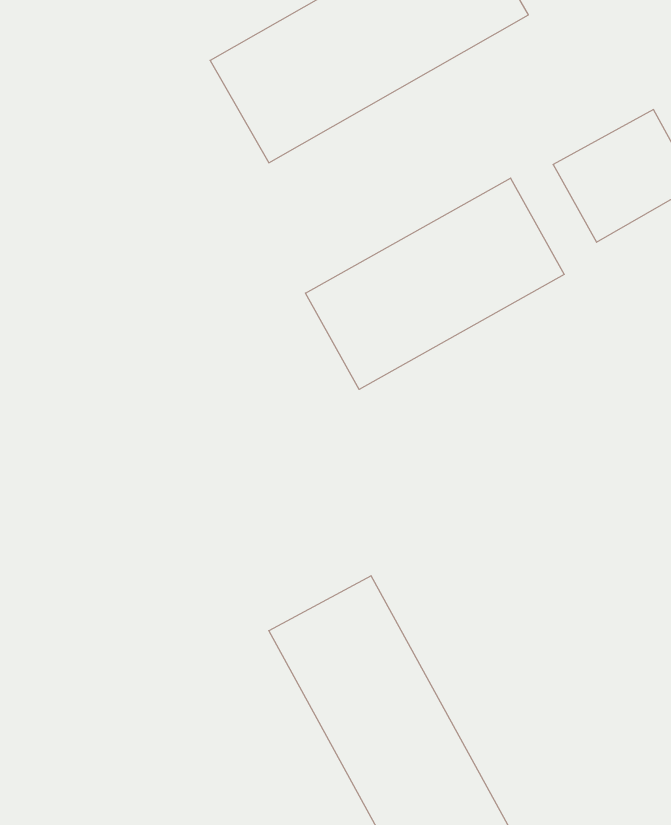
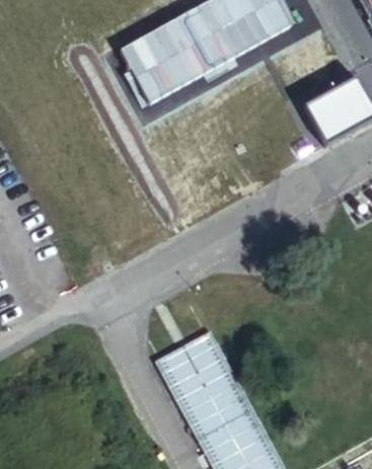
building: [305,178,564,389] -> none

